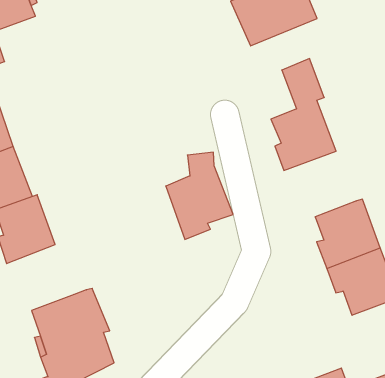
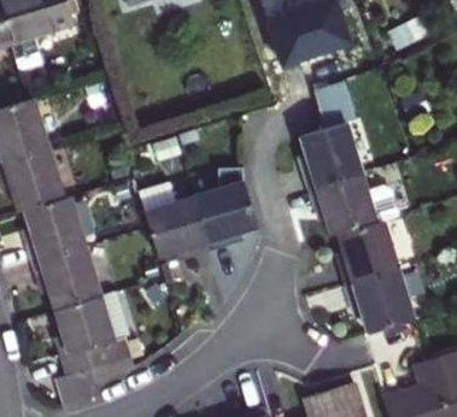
building: none -> [310,174,399,237]
building: none -> [140,182,210,258]
building: none -> [35,245,111,311]

